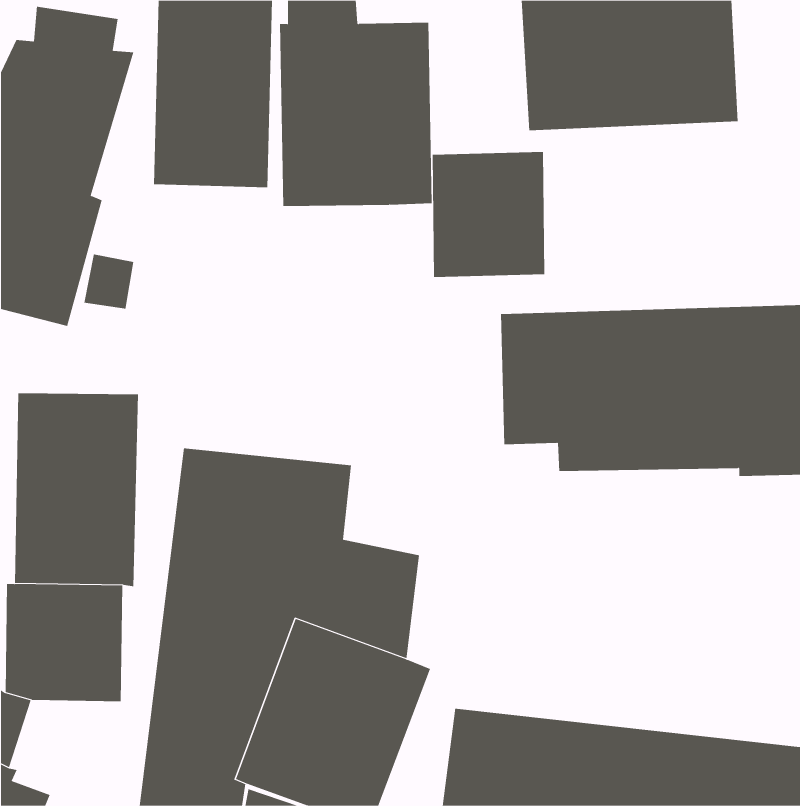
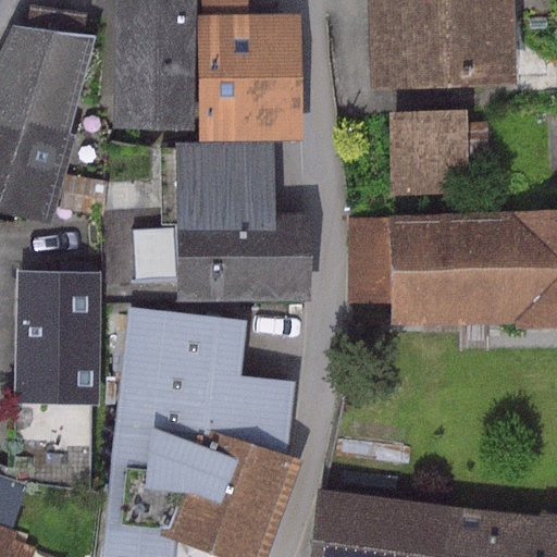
building: [432,151,545,278] -> [389,111,468,198]
building: none -> [135,141,310,309]

